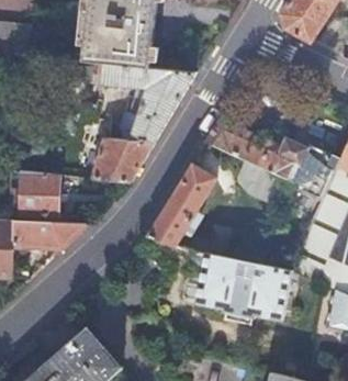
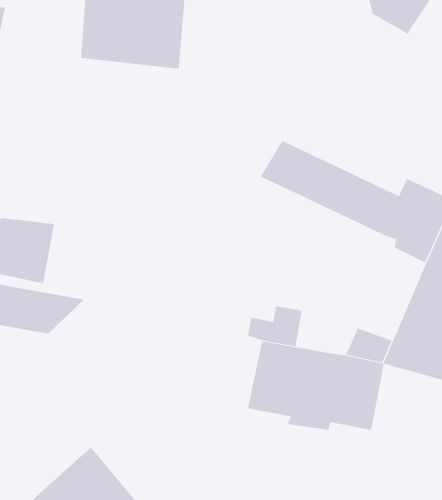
building: [59,57,195,183] -> none
building: [147,164,217,246] -> none

